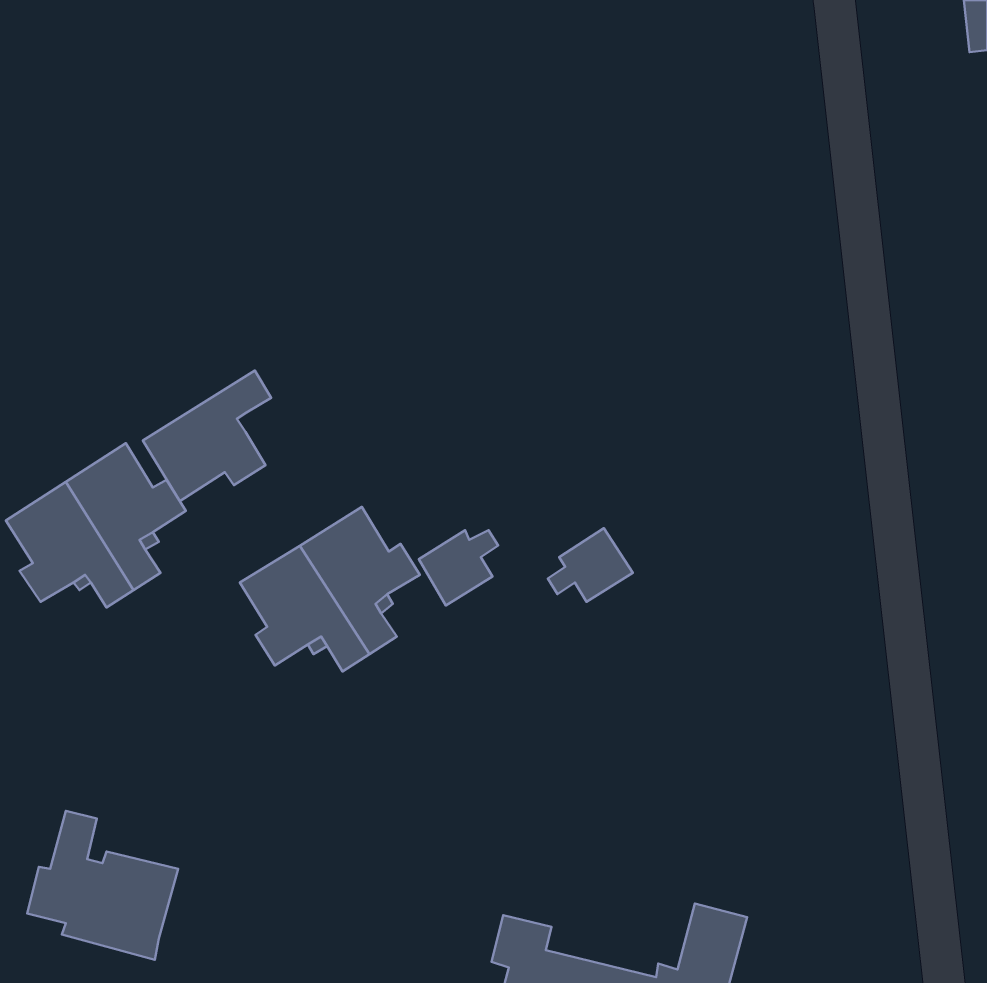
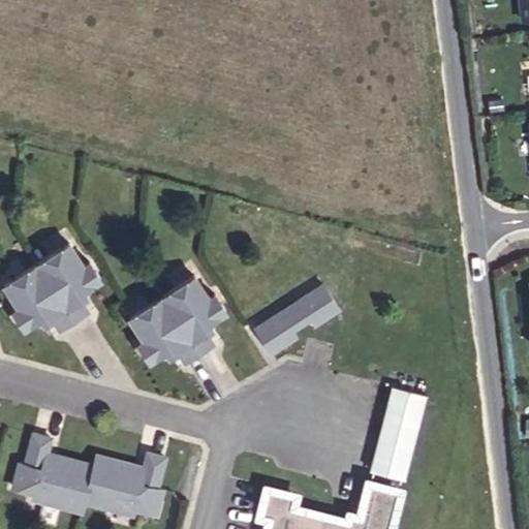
building: [143,371,271,501] -> none
building: [419,530,498,606] -> [255,312,298,352]
building: none -> [371,388,426,480]
building: none -> [85,455,165,518]

